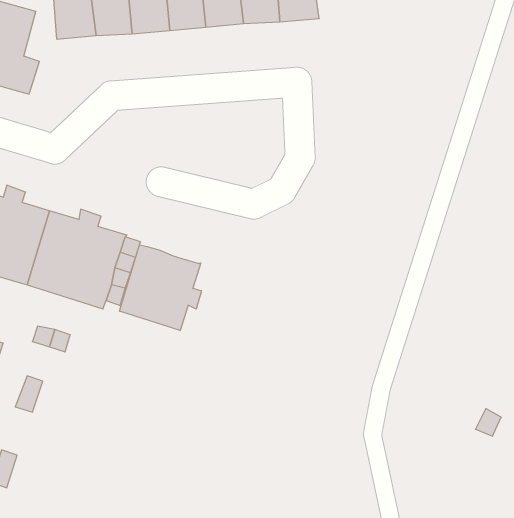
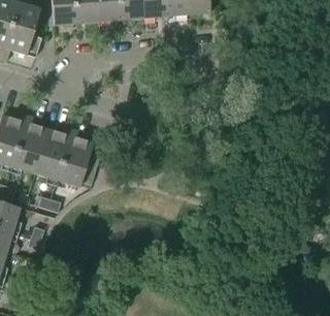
building: [120,245,201,331] -> none

